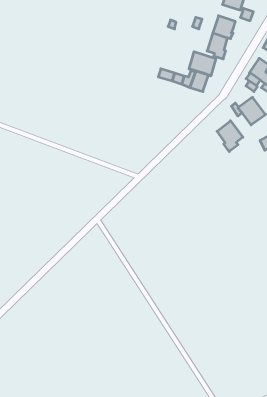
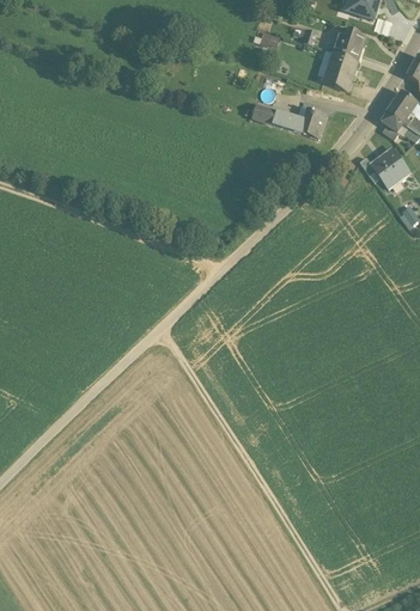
building: [189,52,216,76] -> none
building: [217,121,243,152] -> none

